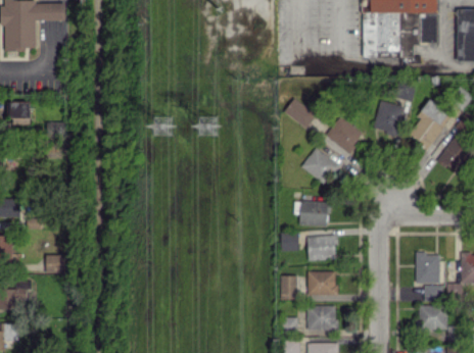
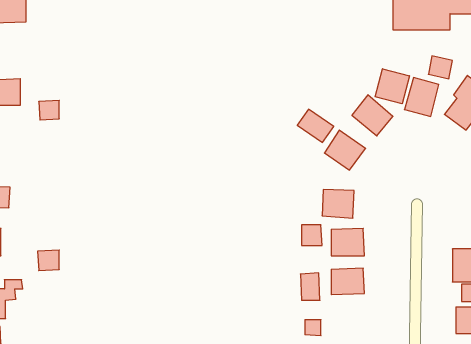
building: none -> [375,69,409,104]
building: [284,99,317,129] -> [297,109,334,142]
building: [306,306,339,331] -> none

